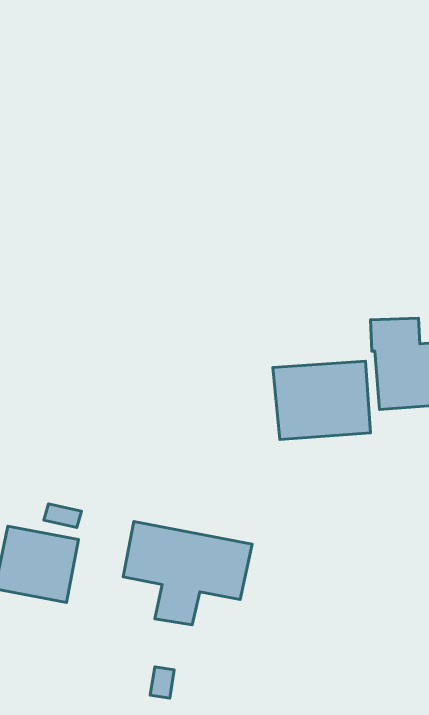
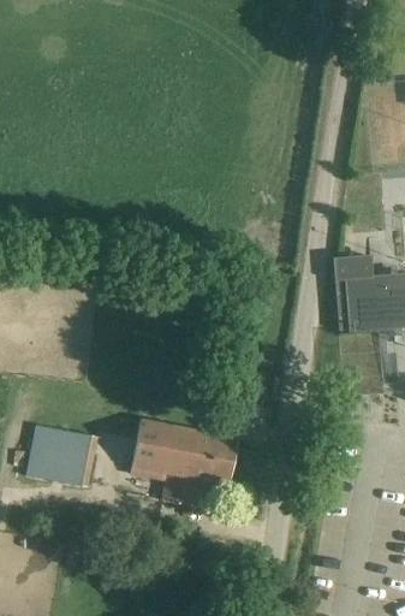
building: [273,361,371,439] -> none

